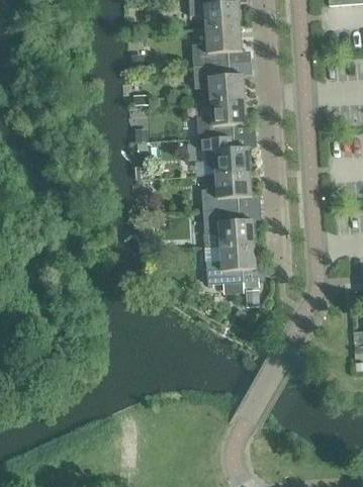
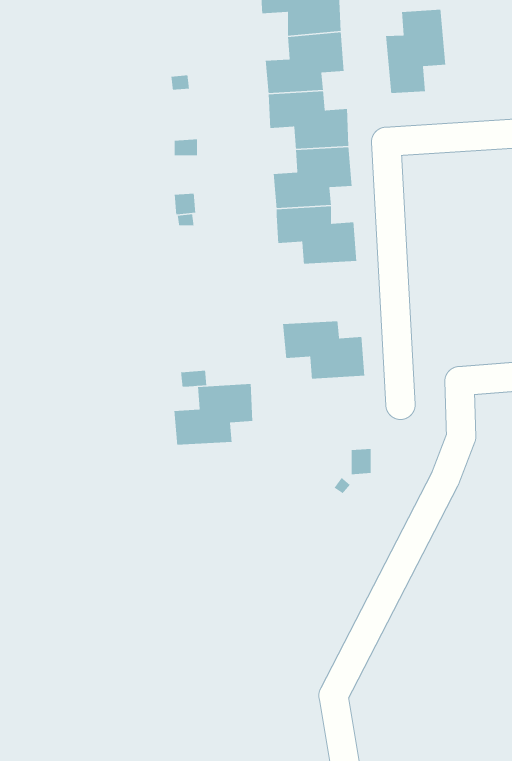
building: none -> [385,9,446,94]
building: [200,169,251,208] -> none
building: [204,241,255,281] -> [173,383,253,446]

